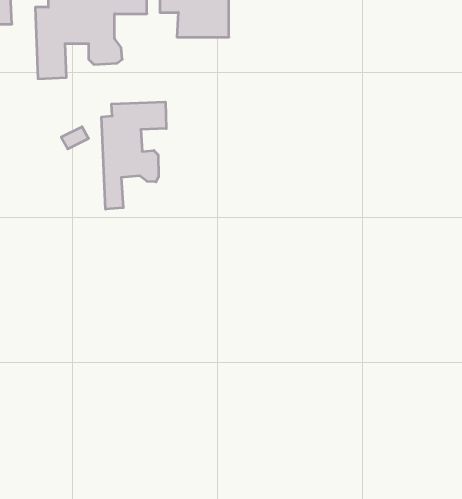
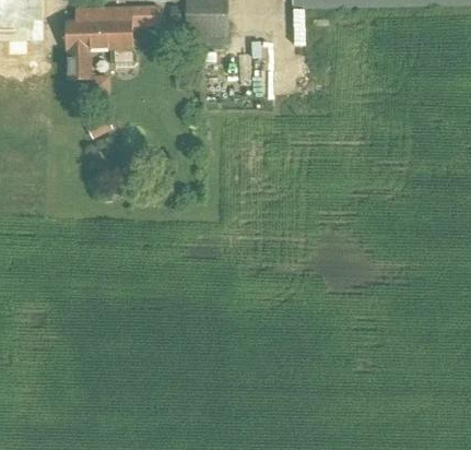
building: [102,102,166,209] -> none

